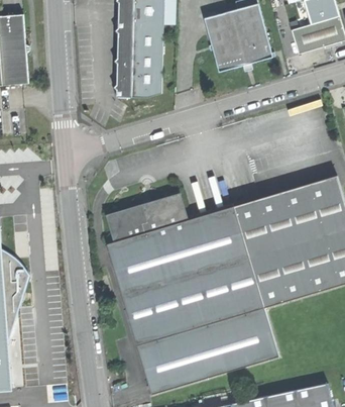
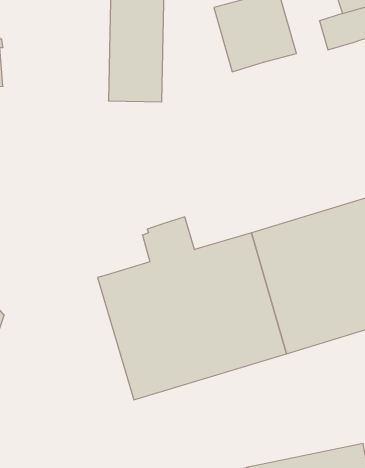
building: [108,204,151,241] -> none
building: [138,307,280,394] -> none

